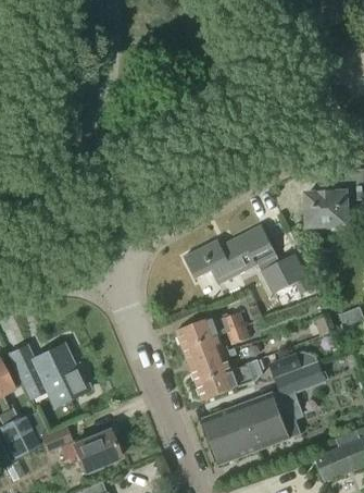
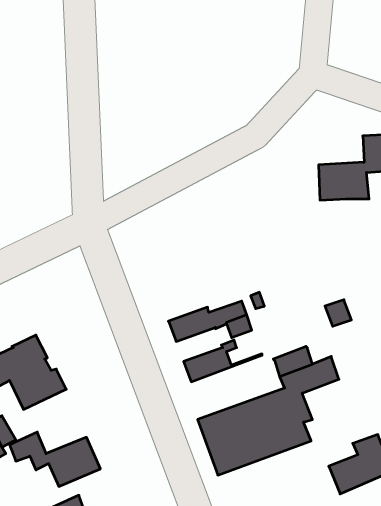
building: [184,224,312,293] -> none
building: [184,335,224,365] -> none
building: [197,359,262,400] -> none

